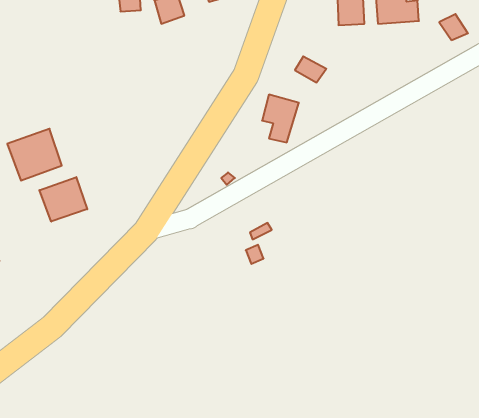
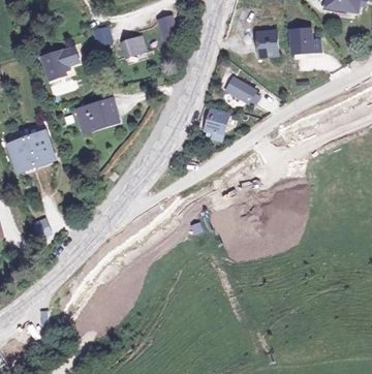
building: none -> [42,49,81,82]
building: none -> [79,107,117,137]
building: [39,177,87,222] -> none

